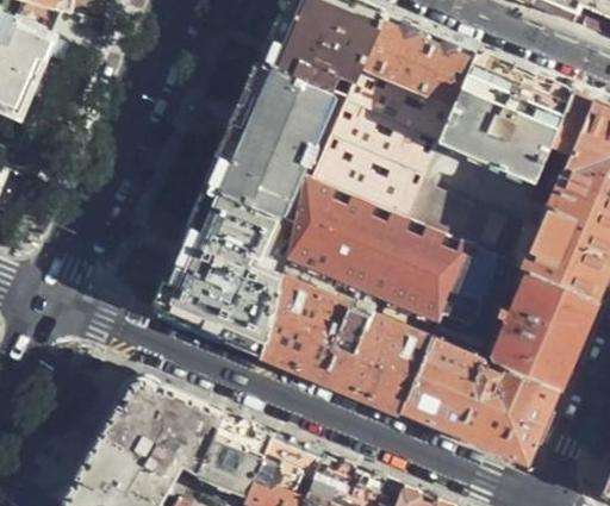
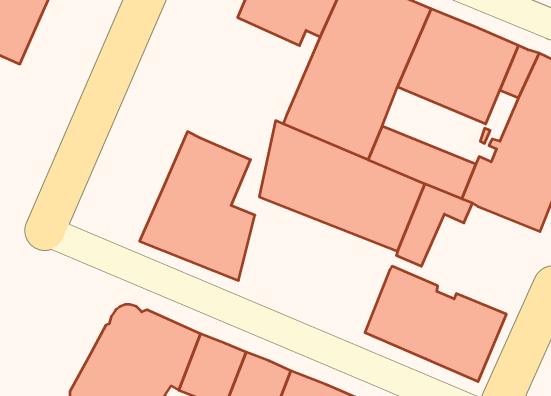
building: [208,67,331,223] -> none
building: [491,274,595,392] -> none
building: [264,283,430,412] -> none

